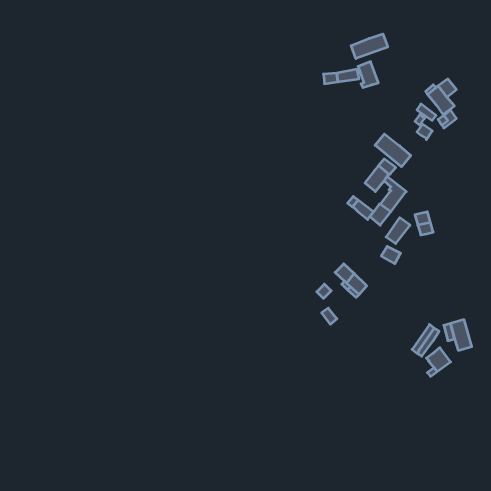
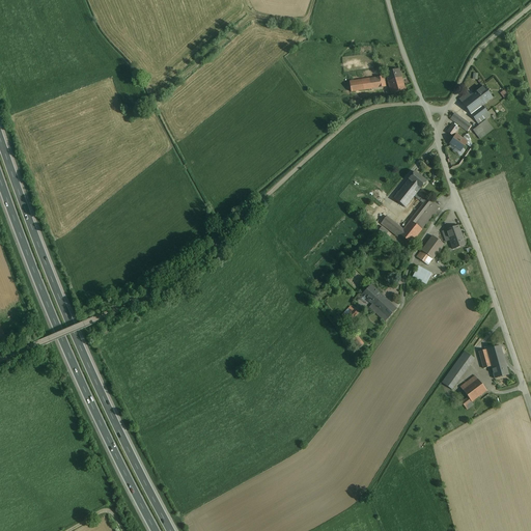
building: [351,34,388,59] -> none
building: [375,134,411,167] -> none

